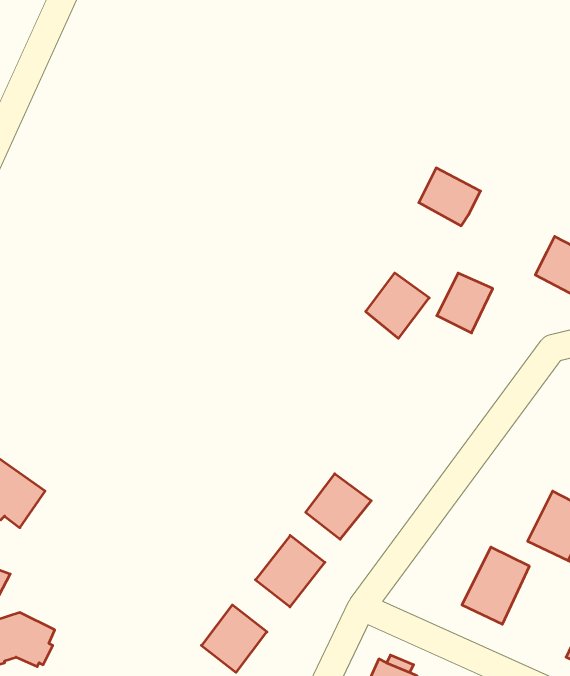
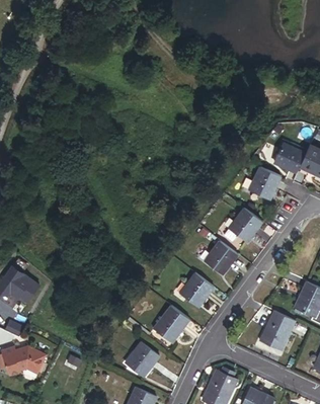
building: [419,168,481,226] -> [272,143,305,173]
building: [366,273,429,338] -> [228,207,261,241]
building: none -> [203,238,237,273]

